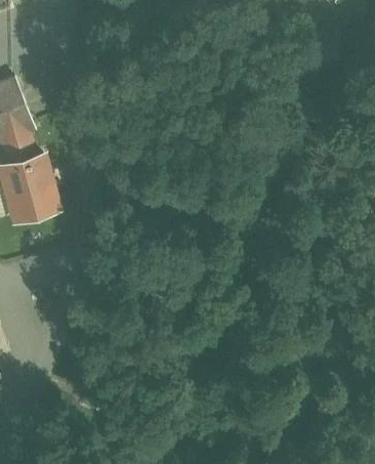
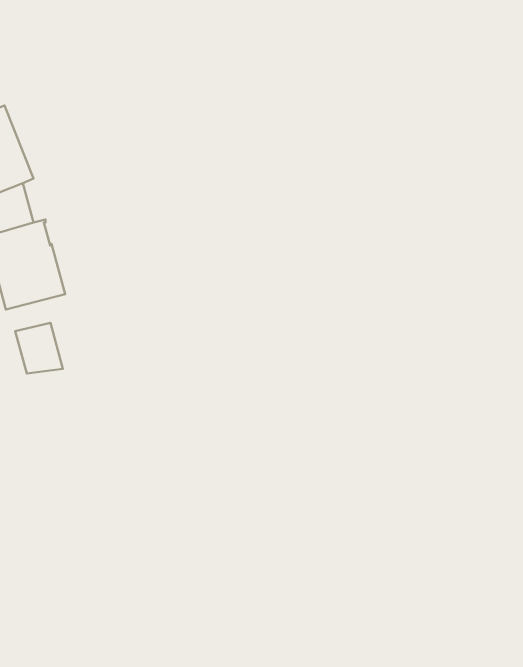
building: none -> [15,323,63,374]

